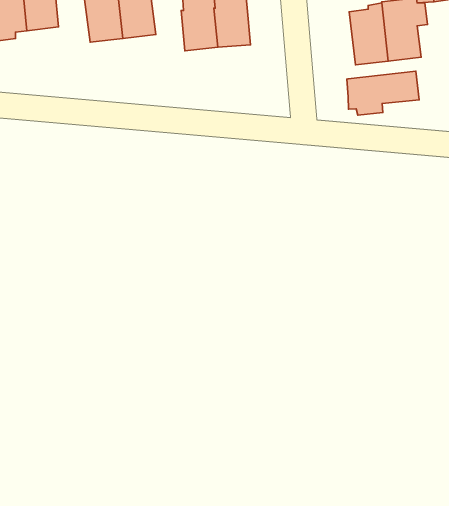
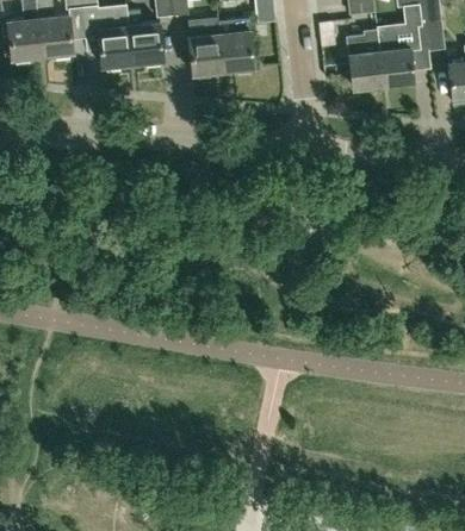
building: [347,71,419,115] -> none

